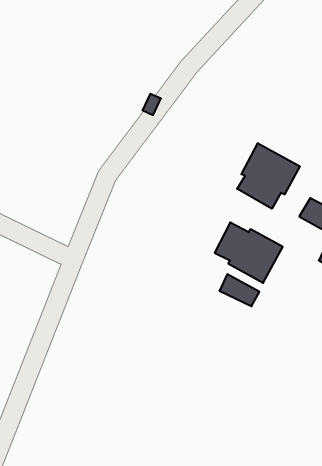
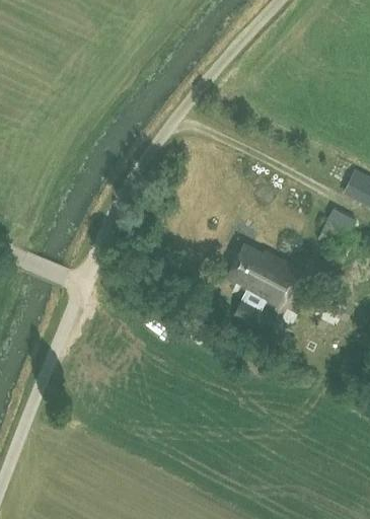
building: [237,143,300,209] -> none

